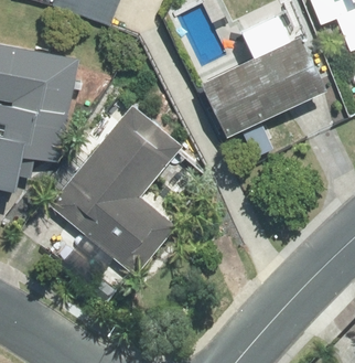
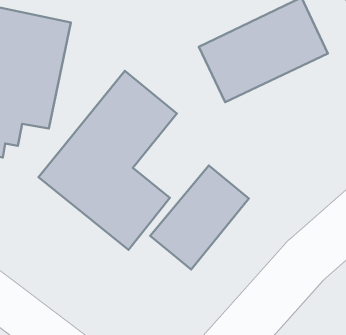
building: none -> [150,165,249,269]

